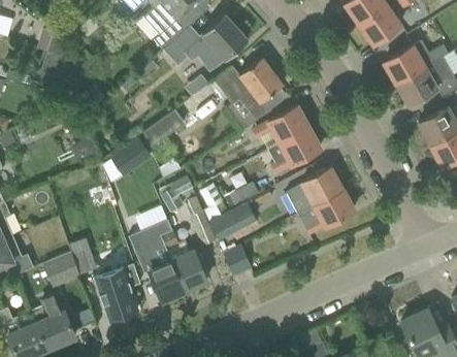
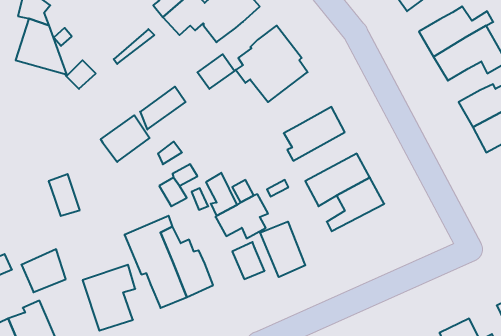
building: [252,105,308,143] -> none
building: none -> [260,222,305,277]
building: [69,237,96,273] -> [49,174,80,216]

